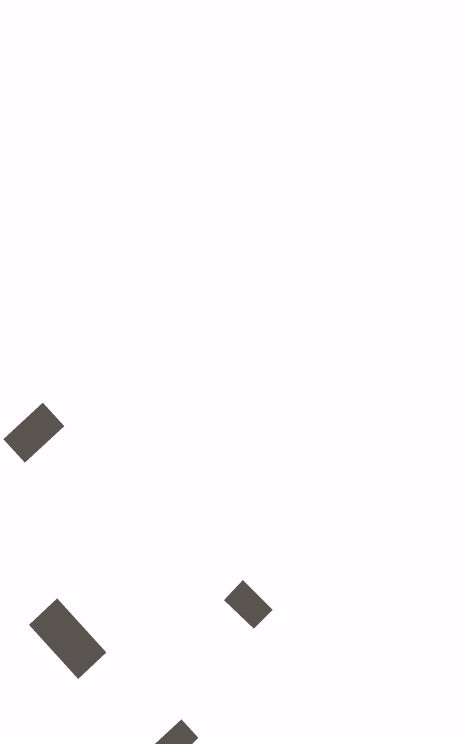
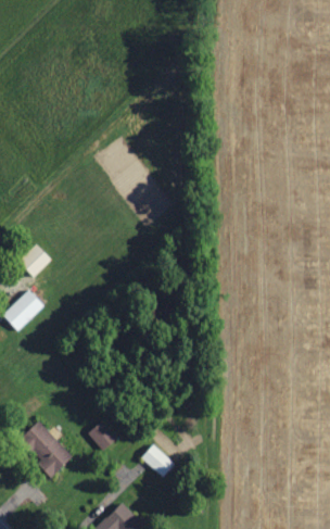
building: [223,579,273,629] -> [141,443,175,477]
building: none -> [88,420,117,450]

